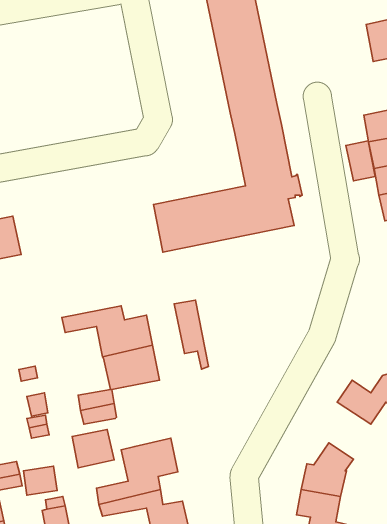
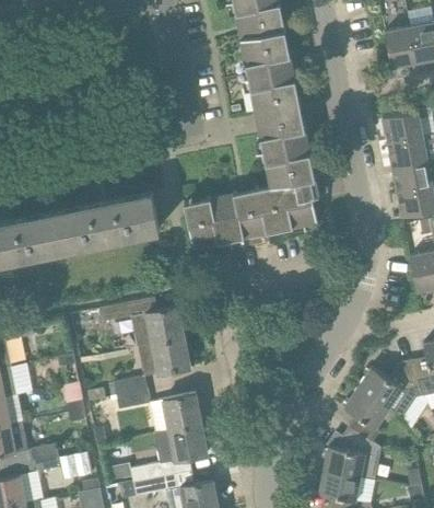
building: [346,141,375,181] -> none
building: none -> [52,195,159,252]
building: [174,300,209,369] -> none
building: none -> [344,391,389,444]
building: [72,430,114,468] -> [162,396,201,432]

